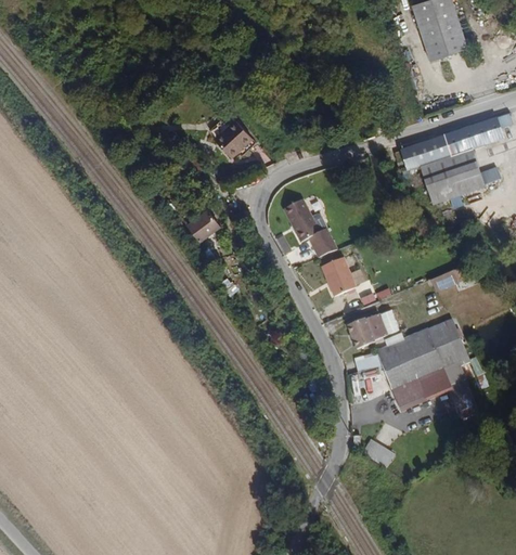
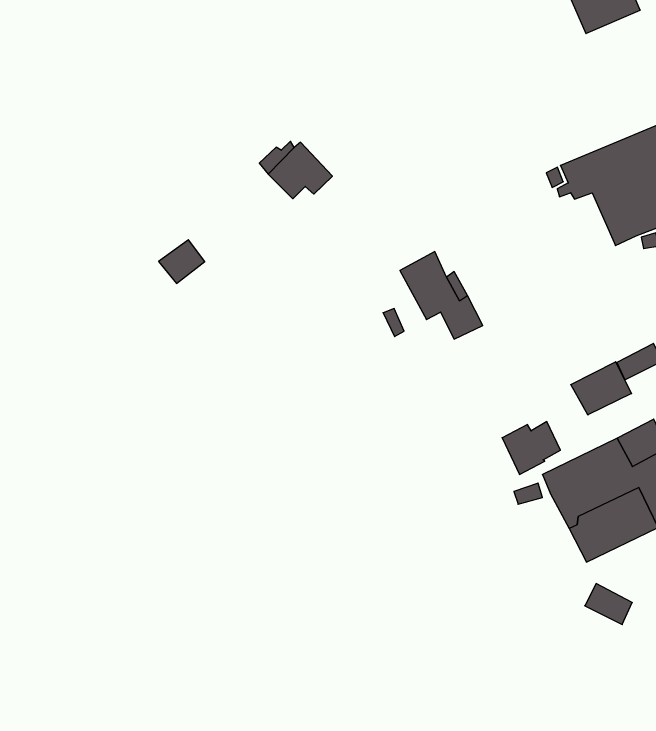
building: [189,211,219,240] -> [159,240,205,283]
building: [328,257,363,296] -> none
building: none -> [571,362,632,415]
building: [364,437,396,465] -> [585,584,632,625]

